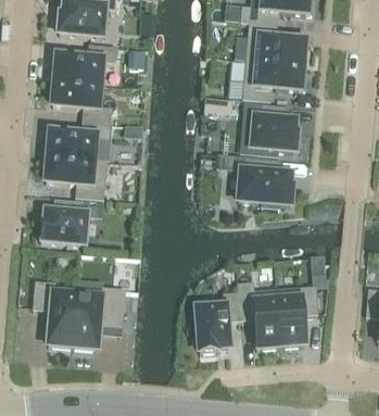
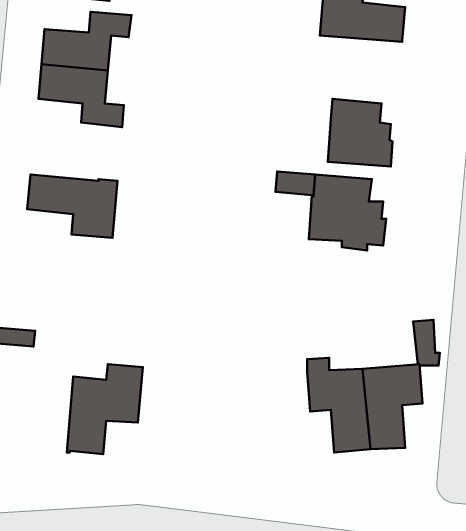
building: [243,59,306,99] -> none
building: [48,118,111,159] -> none
building: [40,198,87,242] -> none
building: [34,279,77,345] -> none
building: [197,290,240,350] -> none

